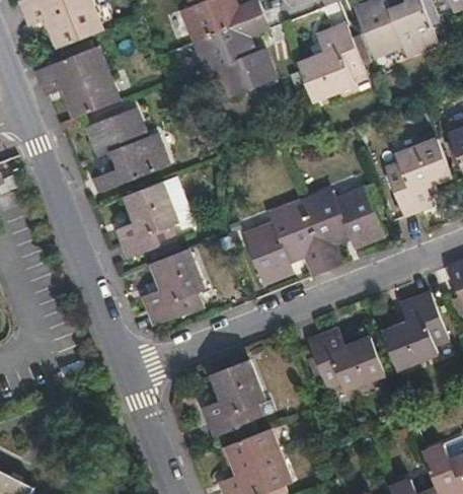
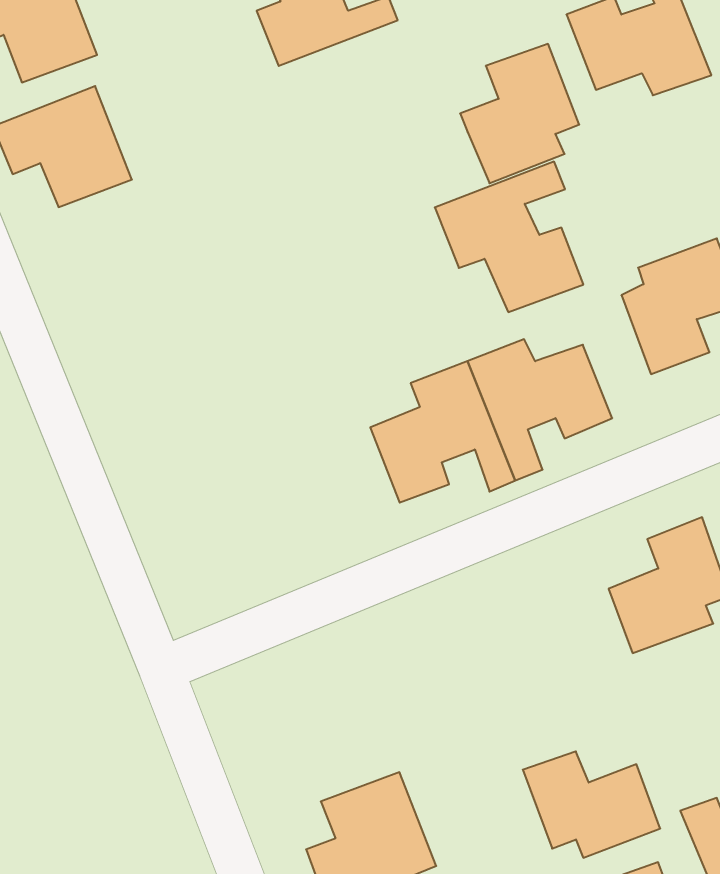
building: [199,13,281,96] -> [435,162,583,312]
building: [93,111,167,192] -> none
building: [120,182,179,259] -> none
building: [145,248,206,323] -> none
building: [304,326,380,384] -> [523,751,660,858]
building: [202,356,261,431] -> none

